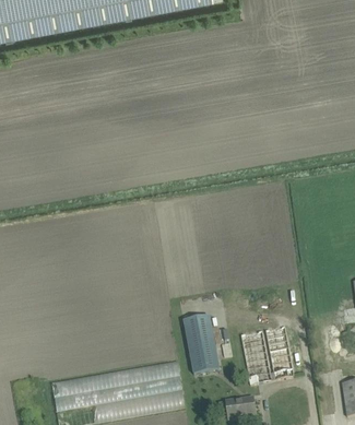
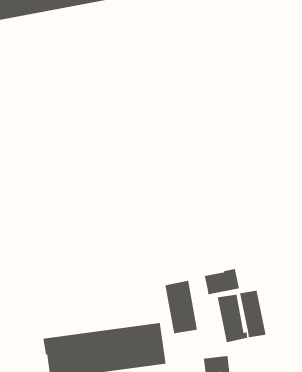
building: none -> [204,268,240,295]

